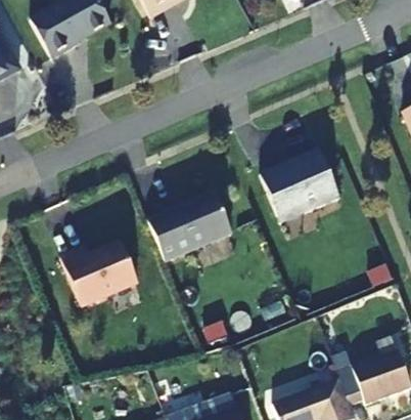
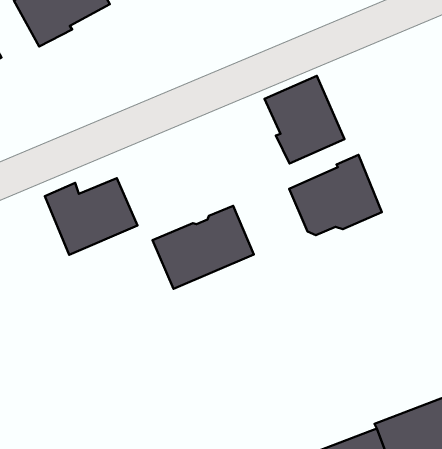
building: none -> [265,76,345,163]
building: [61,240,139,304] -> [45,178,137,255]

